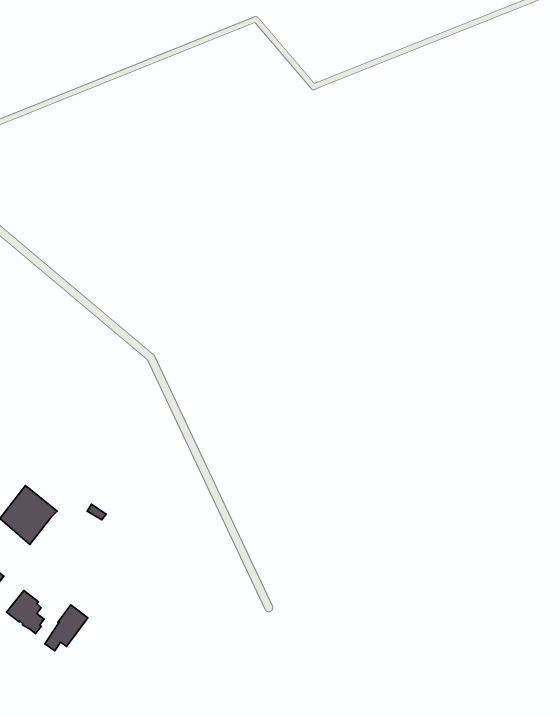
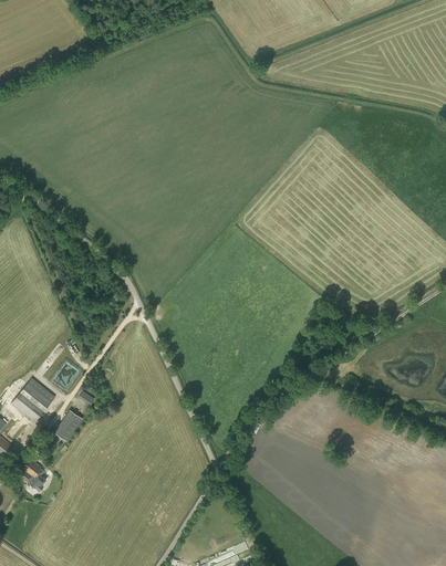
building: [45,605,88,651] -> [51,409,84,444]

